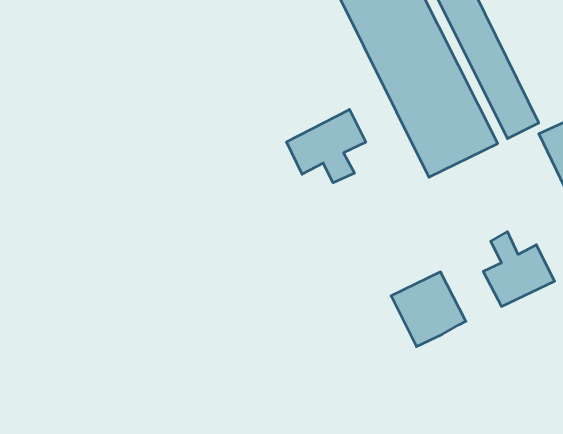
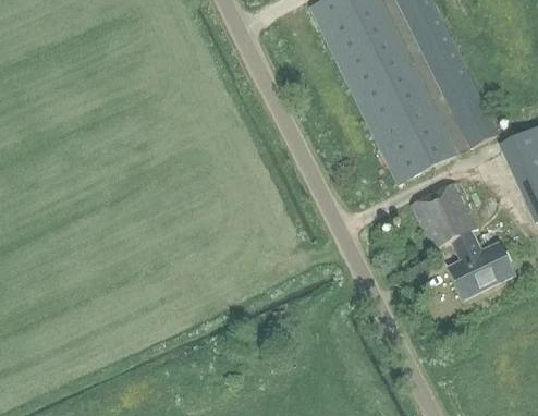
building: [287,109,366,183] -> none
building: [391,272,466,347] -> [408,183,476,250]

